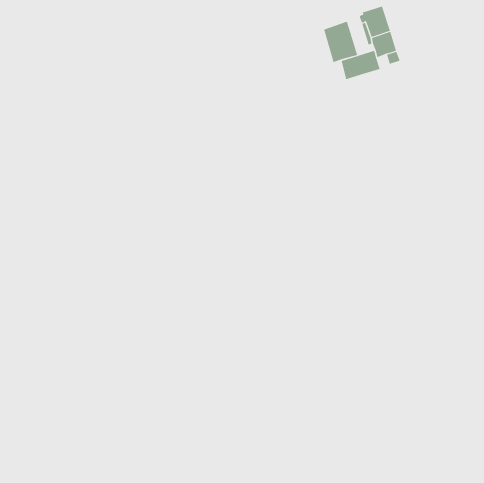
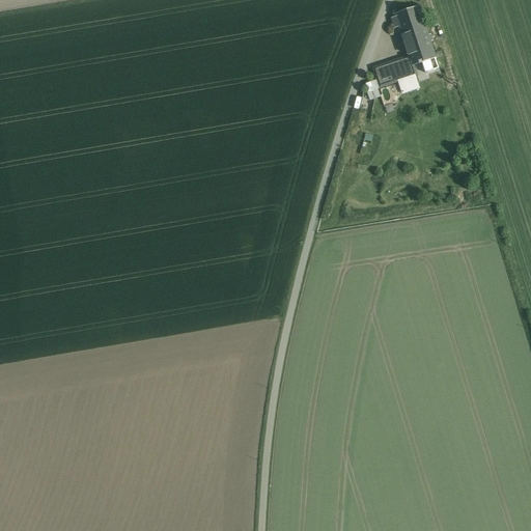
building: [323,21,358,63] -> none

